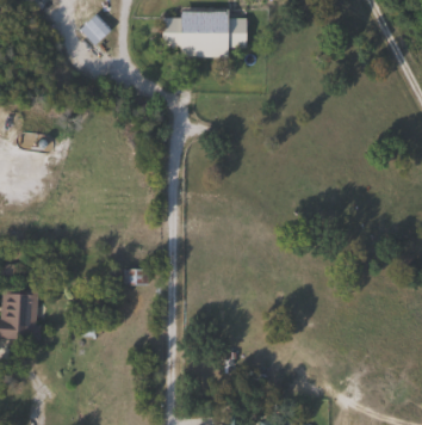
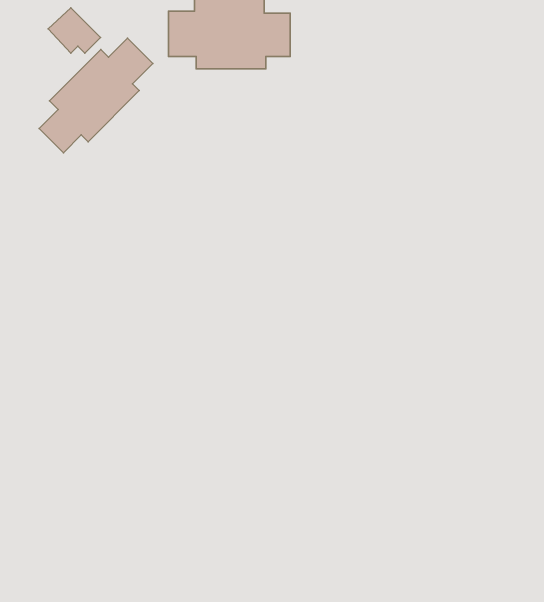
building: none -> [39,38,153,153]

